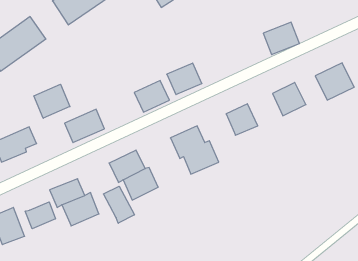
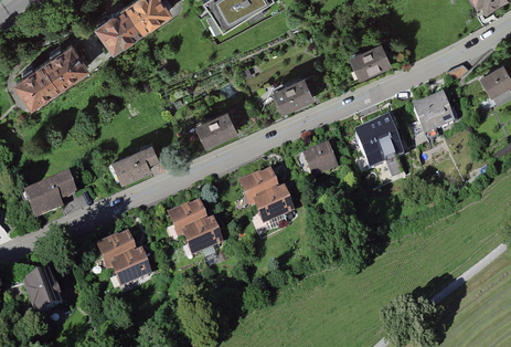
building: [167,63,202,95] -> [273,82,315,119]
building: [34,84,70,118] -> none
building: [103,186,134,223] -> none
building: [25,202,55,229] -> none

